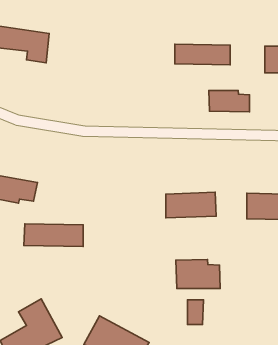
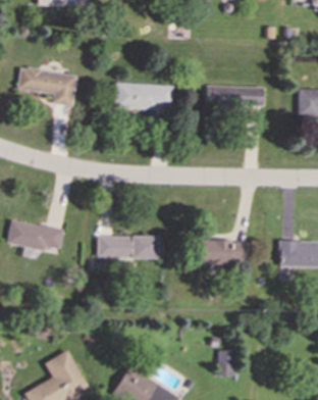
building: none -> [114,84,173,110]
building: [209,91,250,112] -> none
building: [24,224,83,246] -> [98,236,159,259]
building: [176,260,220,289] -> none

